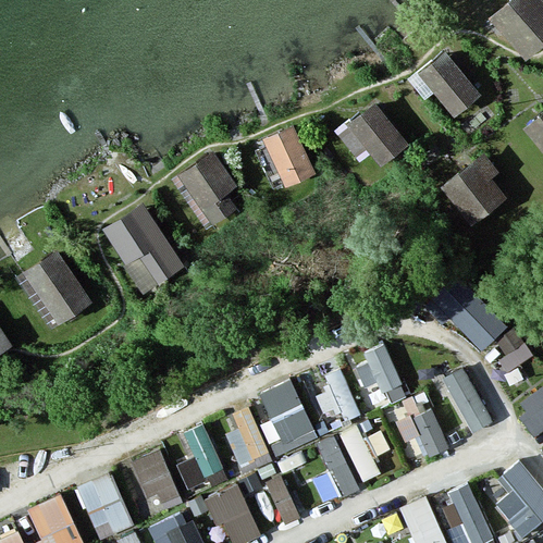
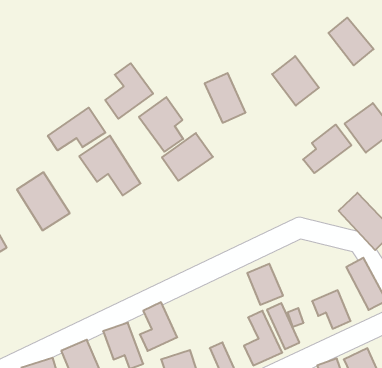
building: none -> [105,63,153,119]
building: none -> [48,108,105,150]
building: none -> [303,125,351,173]
building: none -> [162,133,213,181]
building: [354,343,407,403] -> none
building: [260,375,319,448] -> none
building: [227,405,270,465] -> none

